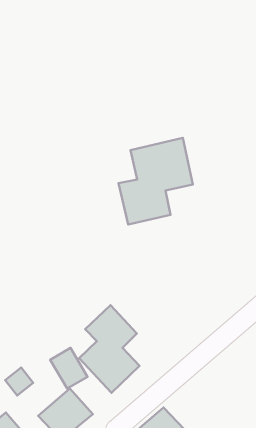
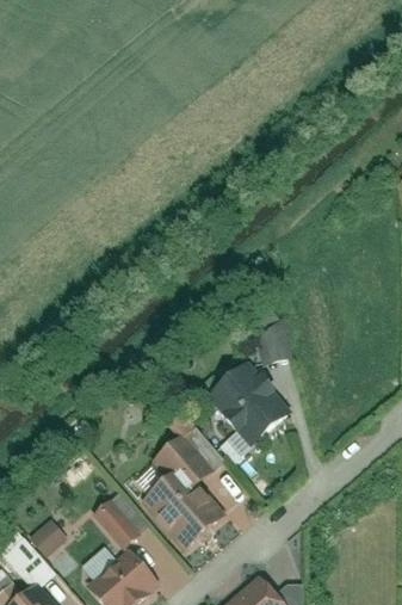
building: [118,138,193,224] -> none
building: none -> [265,319,299,360]
building: none -> [205,358,296,450]

